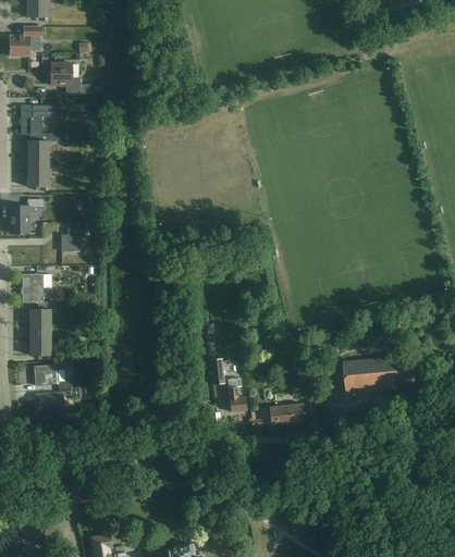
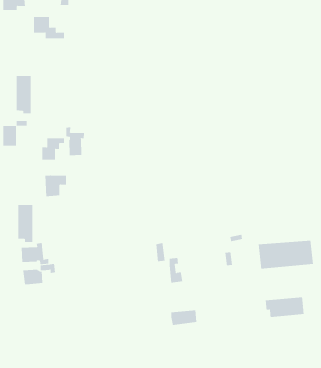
building: [21,106,60,140] -> none
building: none -> [66,127,84,156]
building: [22,273,51,302] -> [45,174,67,197]
building: [269,405,304,425] -> [170,310,197,325]
building: none -> [265,296,304,318]

